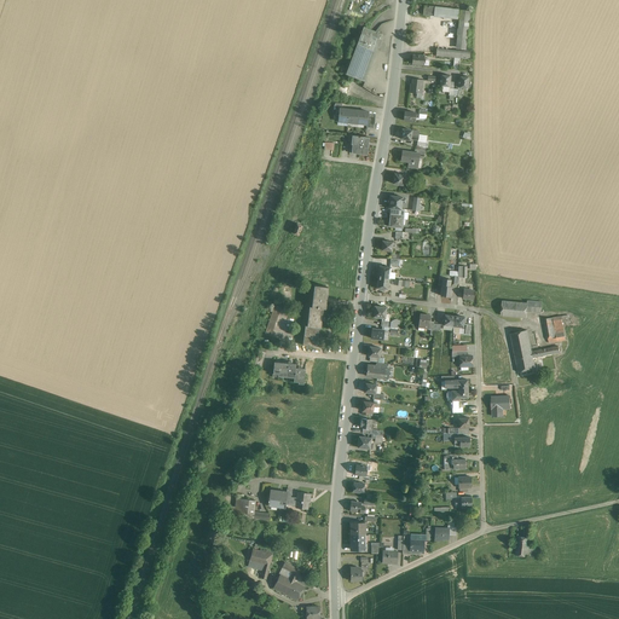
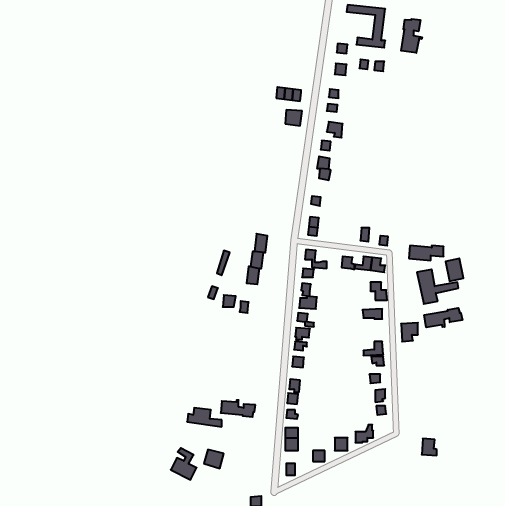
building: none -> [401,19,422,53]
building: [345,28,380,81] -> none
building: none -> [424,308,462,327]
building: [274,562,306,601] -> [171,448,197,480]

